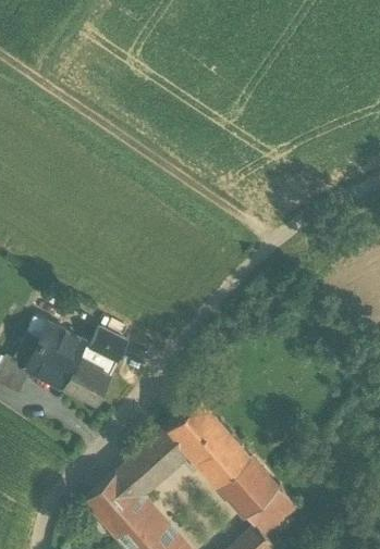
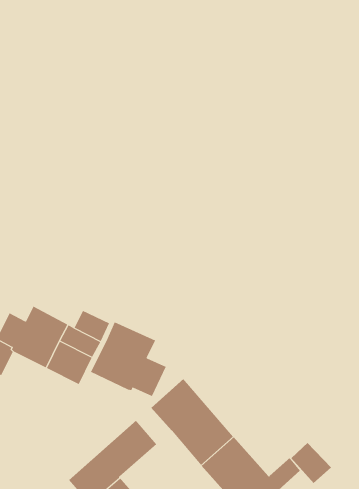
building: none -> [90,322,167,397]
building: [152,427,187,463] -> none
building: none -> [290,442,332,484]

